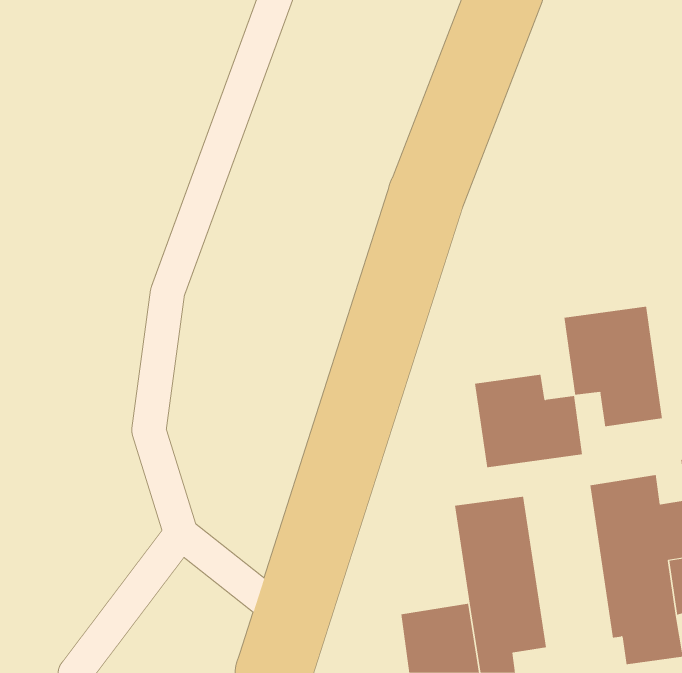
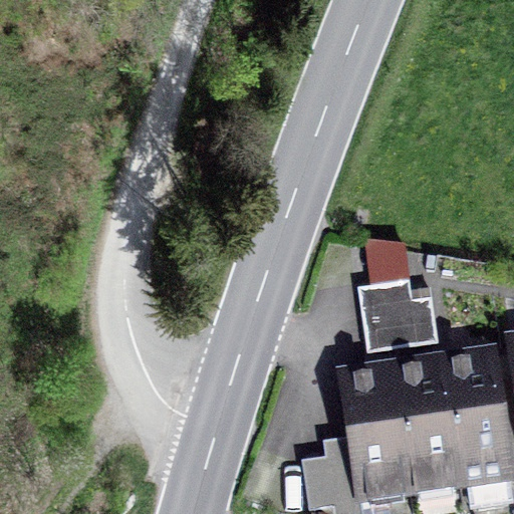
building: [564,306,662,427] -> none
building: none -> [395,363,461,485]

